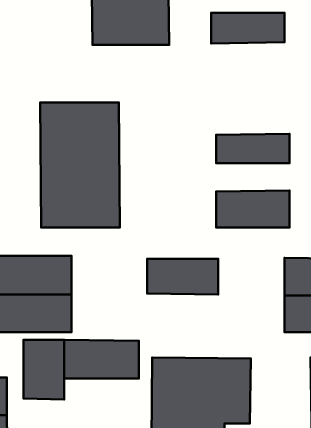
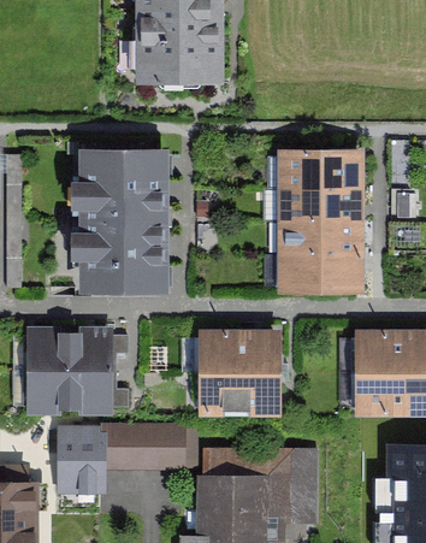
building: [211,13,284,43] -> [278,154,362,189]
building: none -> [278,222,362,254]
building: none -> [199,371,280,417]

